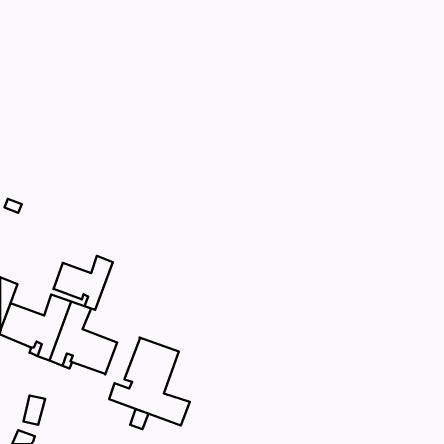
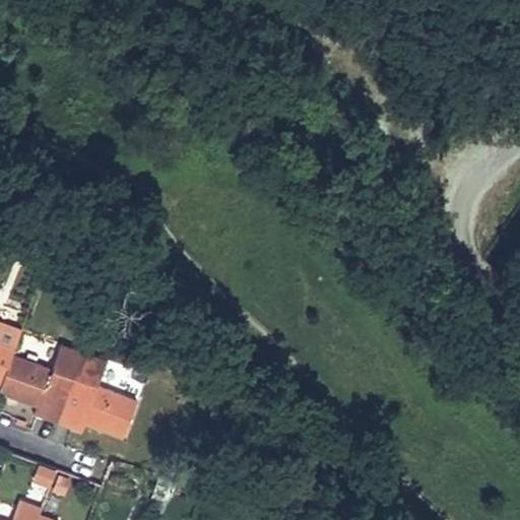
building: [54,256,113,310] -> none
building: [109,337,190,425] -> none

